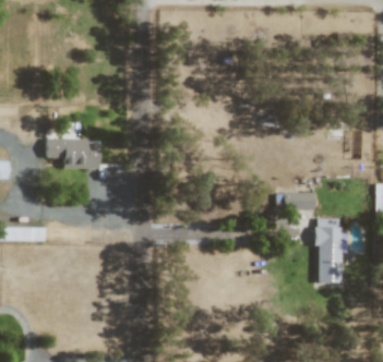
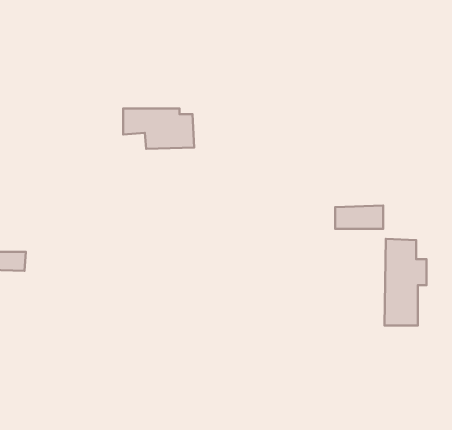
building: [47,138,100,169] -> [123,108,194,149]

